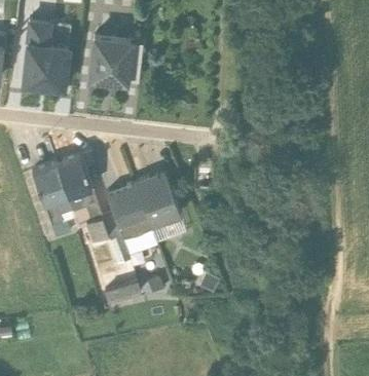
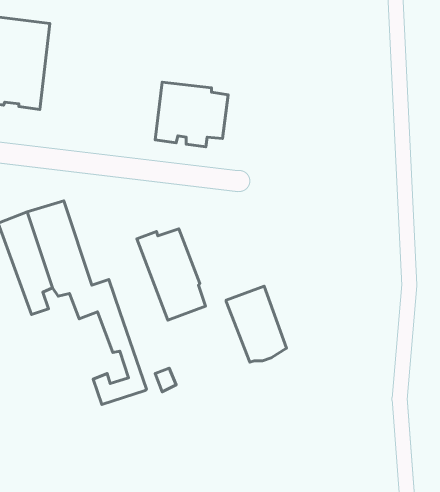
building: [88,35,142,82] -> [155,82,228,147]
building: [106,182,150,237] -> [226,286,286,362]

